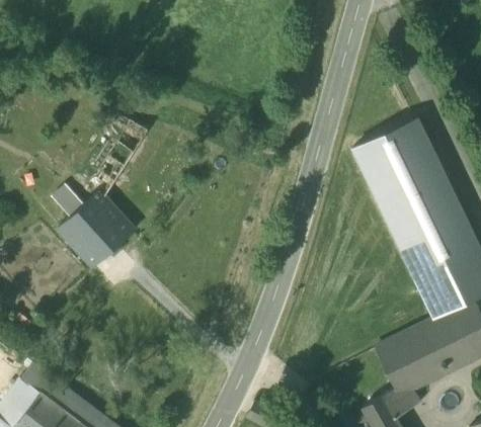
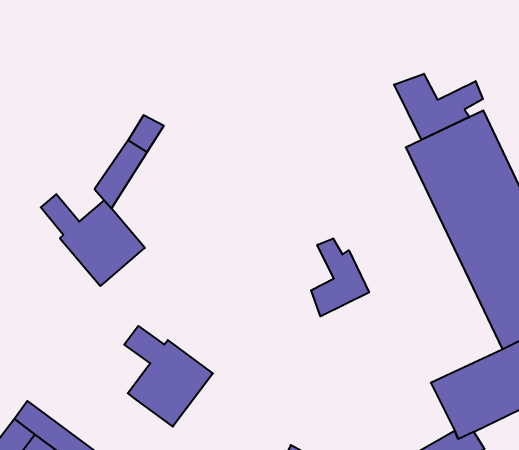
building: none -> [394,74,483,140]
building: none -> [311,238,369,316]
building: none -> [124,326,213,427]

